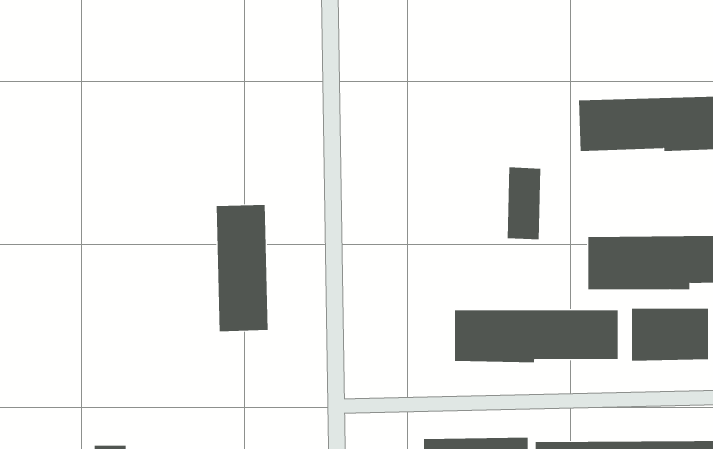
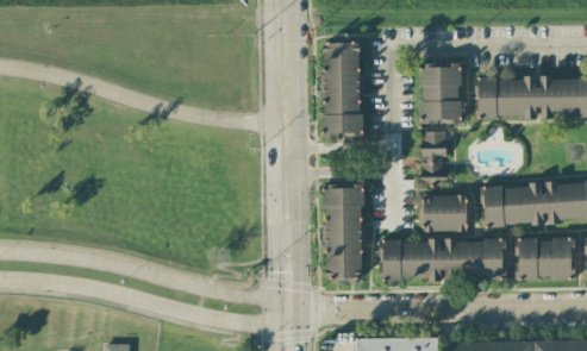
building: none -> [321,43,361,136]
building: none -> [420,64,461,124]
building: [216,204,269,332] -> [323,183,363,281]
building: none -> [420,195,467,232]

